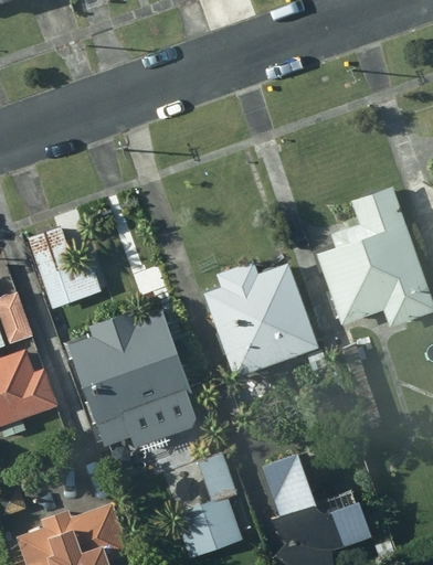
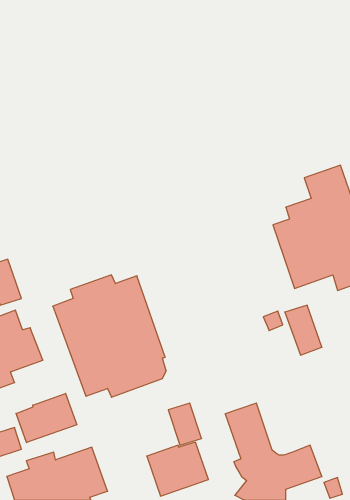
building: [25,226,101,310] -> none
building: [202,263,319,380] -> none
building: none -> [16,393,77,443]

